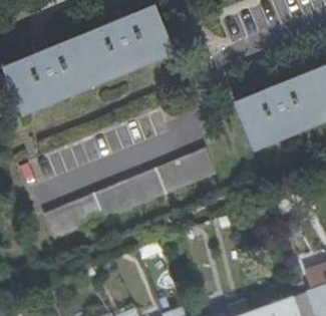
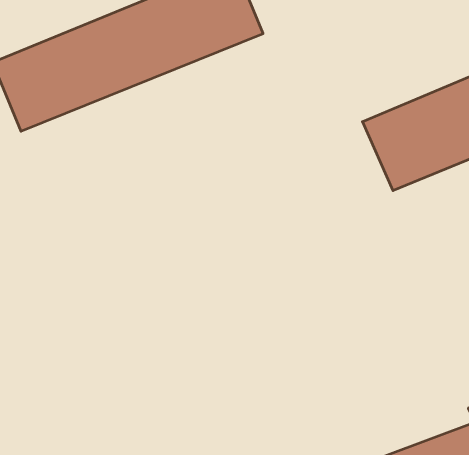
building: [41,150,215,241] -> none

